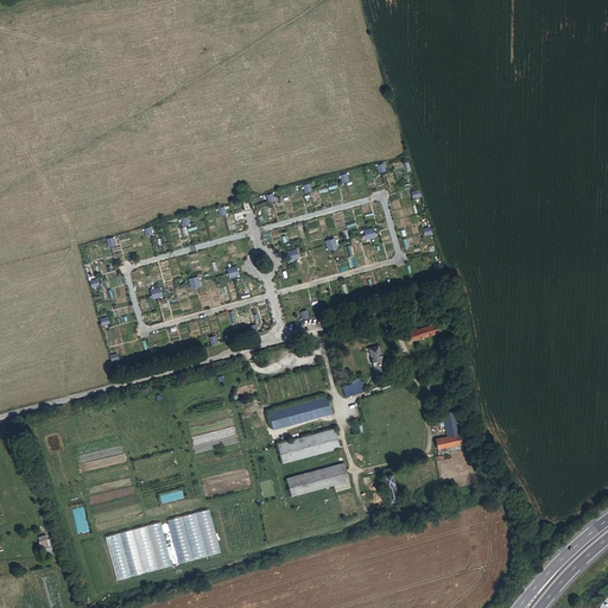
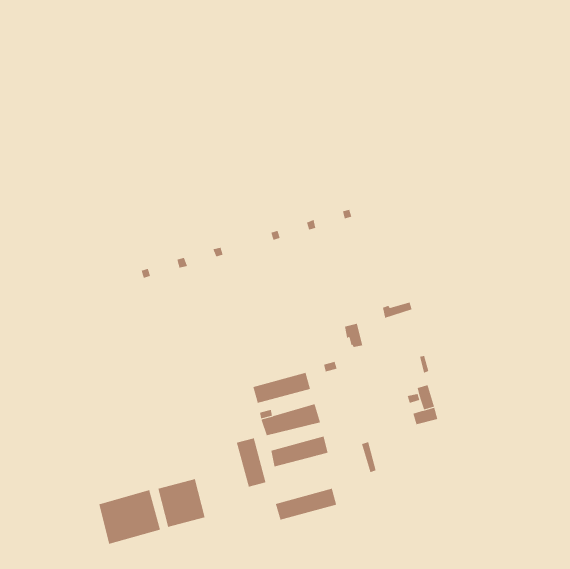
building: none -> [236,437,266,488]
building: none -> [275,488,337,521]

